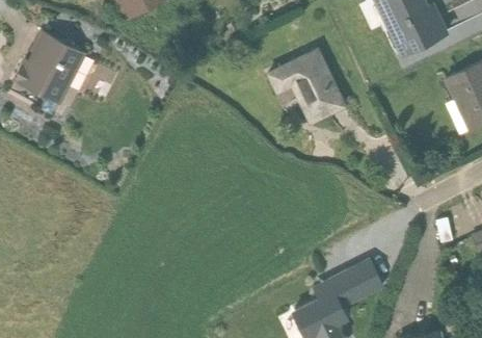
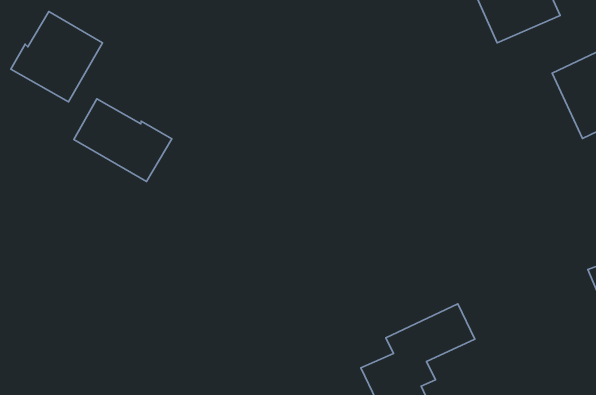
building: [265,46,346,122] -> none
building: none -> [74,99,172,182]

